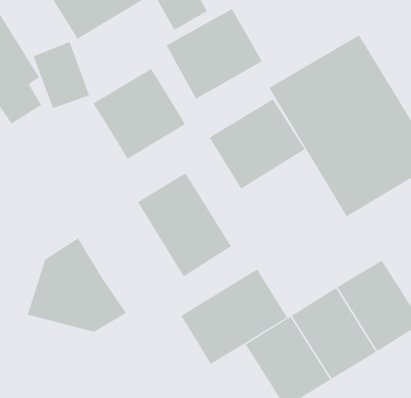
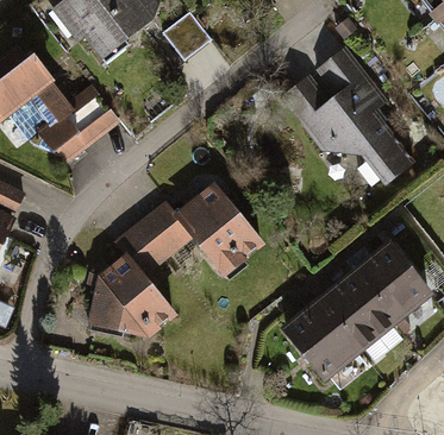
building: [166,8,263,100] -> none
building: [93,68,186,159] -> [117,201,200,283]
building: [209,98,305,190] -> none
building: [180,269,288,365] -> none

